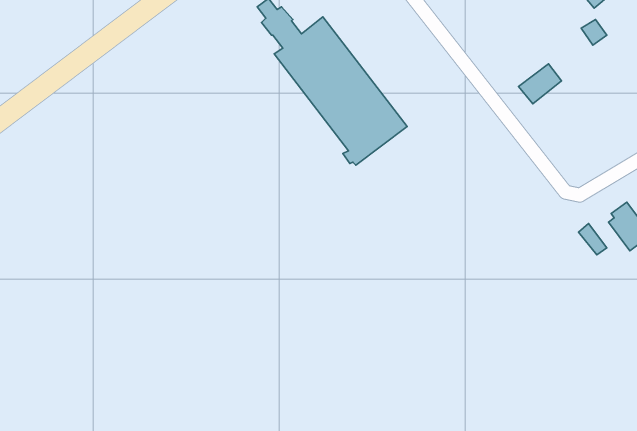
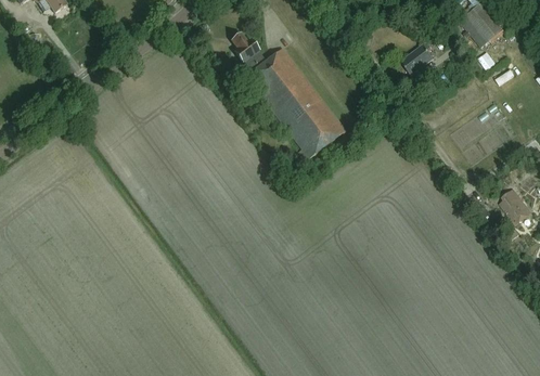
building: [519,64,561,104] -> [400,43,433,74]

